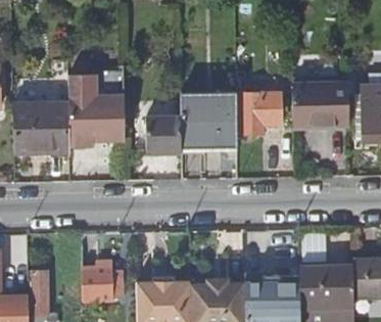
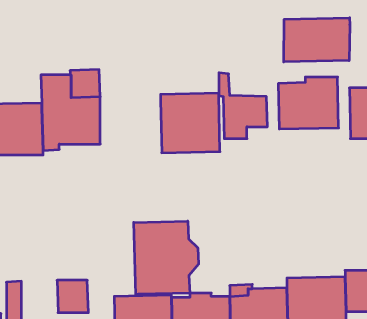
building: none -> [284,18,350,62]
building: [145,99,182,154] -> none
building: none -> [134,221,199,294]

